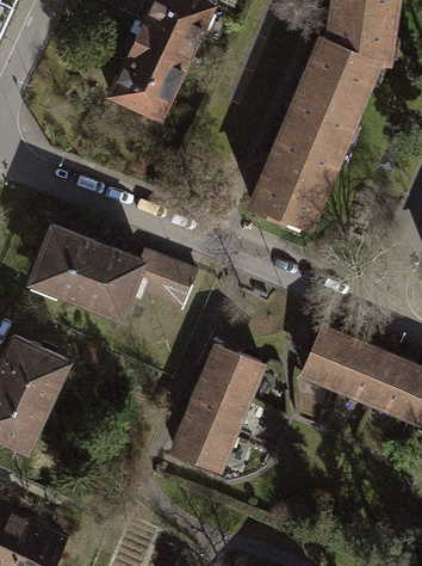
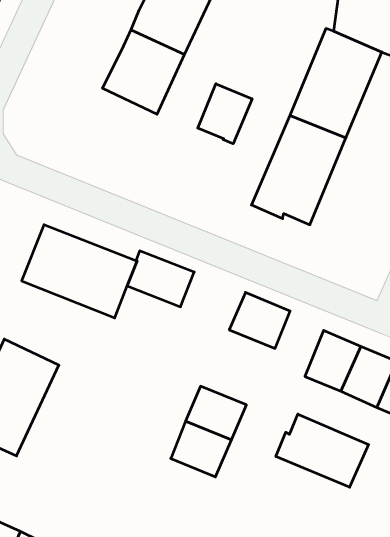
building: none -> [198,84,252,144]
building: [203,346,261,400] -> [229,292,290,348]
building: none -> [276,414,369,487]

